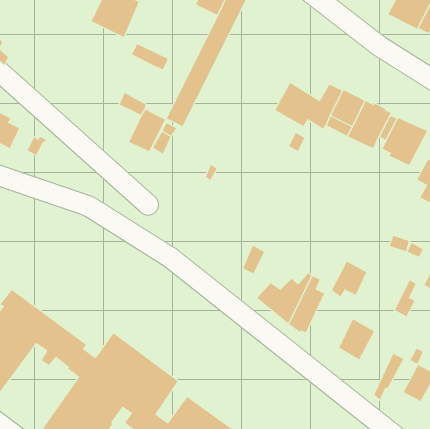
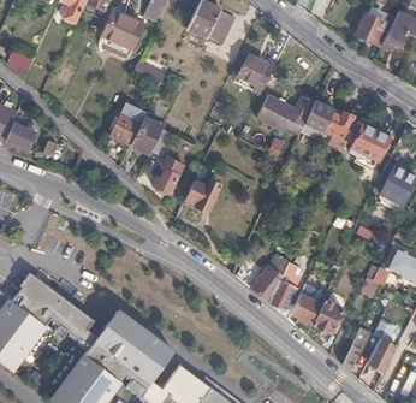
building: none -> [239,53,278,93]
building: none -> [112,112,142,144]
building: none -> [153,155,185,192]
building: none -> [185,177,221,212]
building: [331,261,367,297] -> [287,292,319,324]

